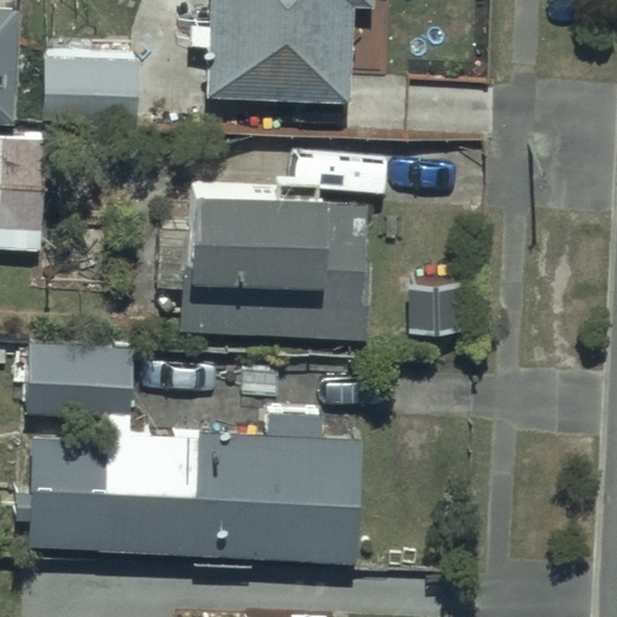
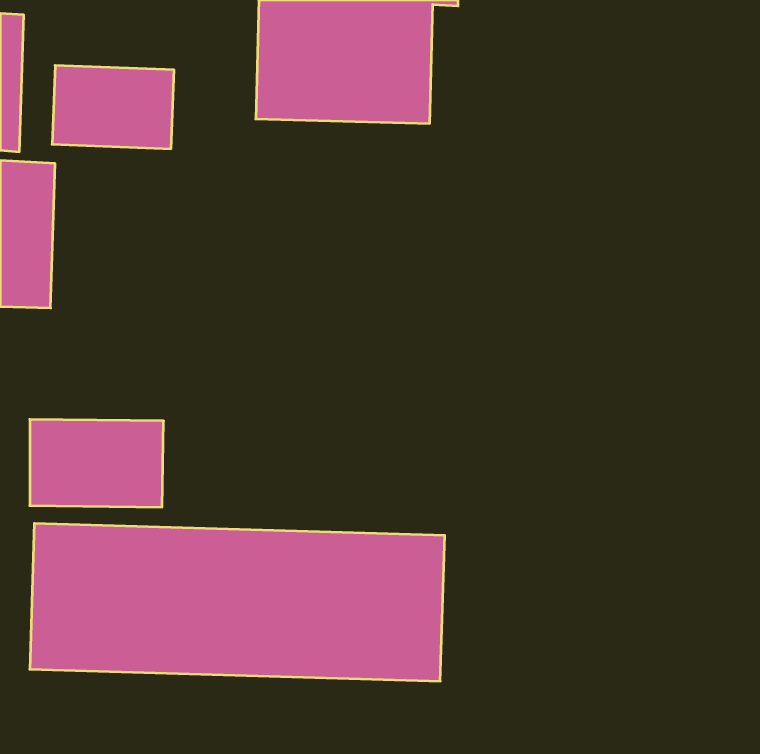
building: [183,192,372,339] -> none

